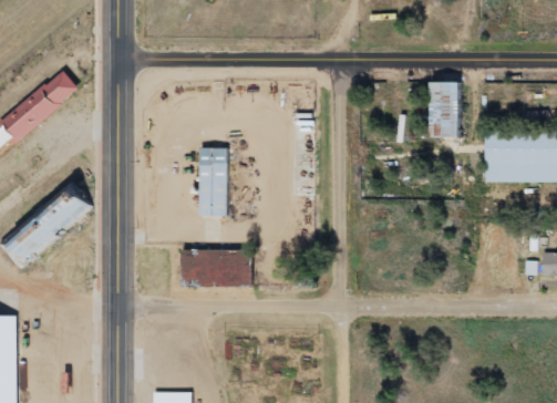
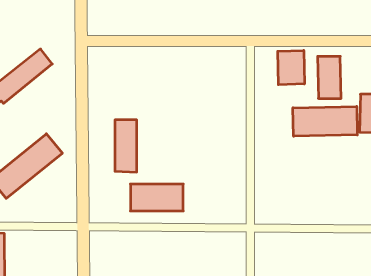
building: none -> [278,50,304,85]
building: none -> [293,106,357,136]
building: [198,147,227,216] -> [115,120,137,172]

